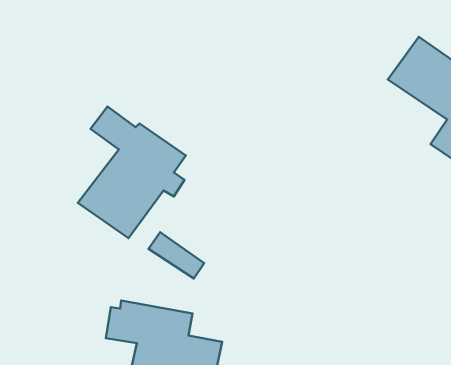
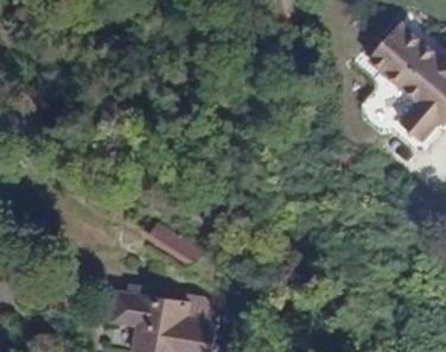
building: [78,106,186,238] -> none

